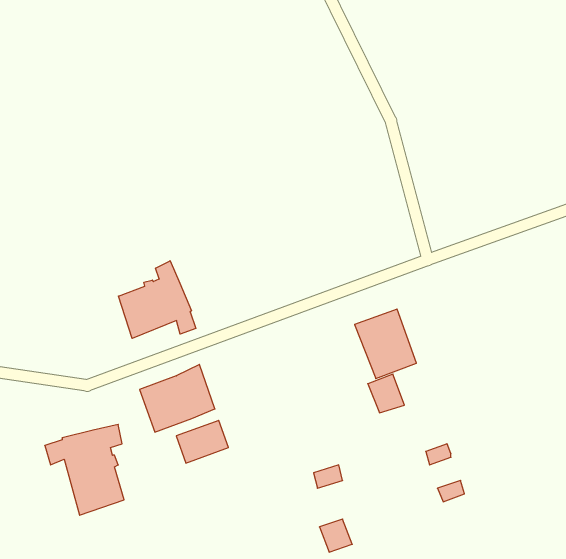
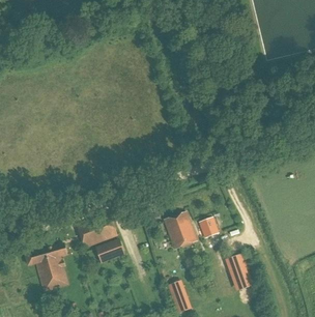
building: [118,261,196,338] -> none
building: [355,309,416,379] -> [164,211,197,249]

